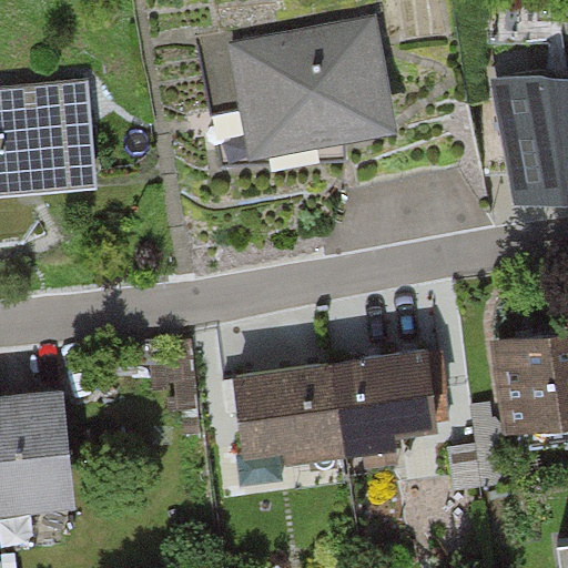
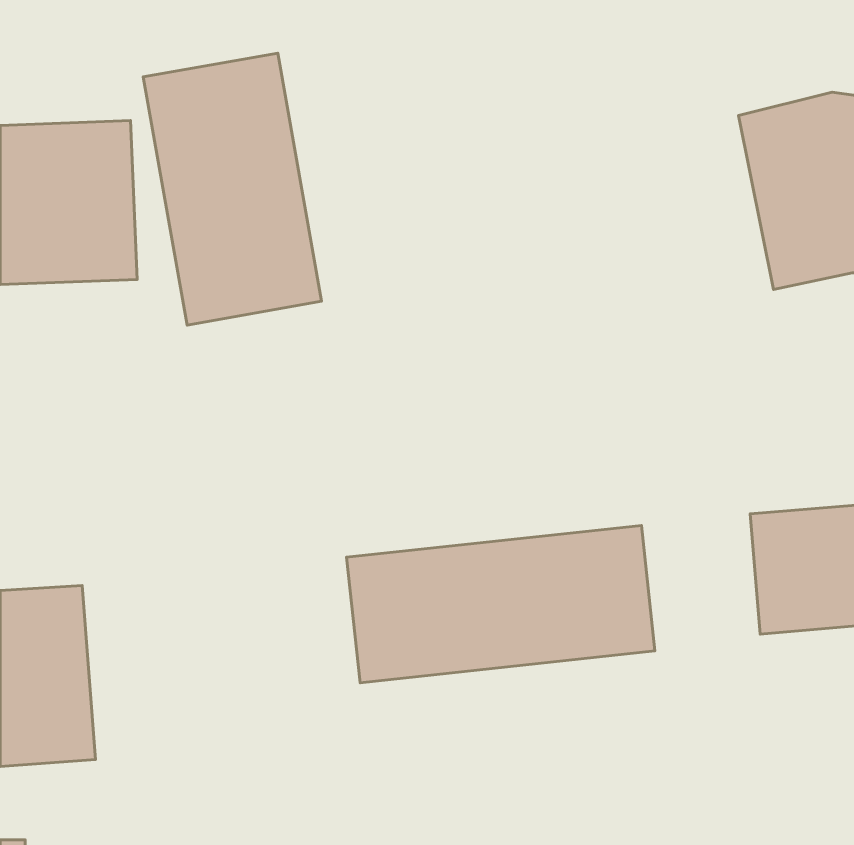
building: [227,18,397,156] -> none
building: none -> [143,53,322,325]

